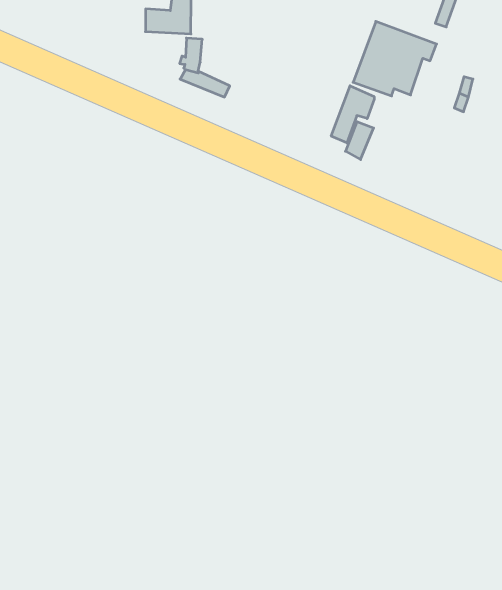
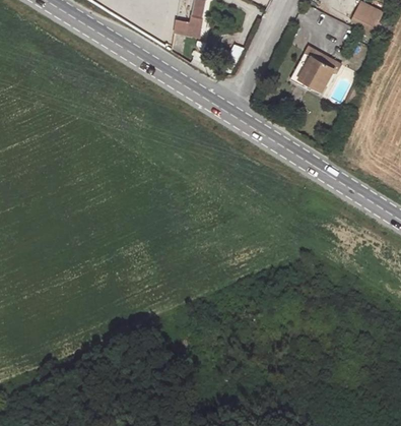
building: [331,86,374,143] -> none

